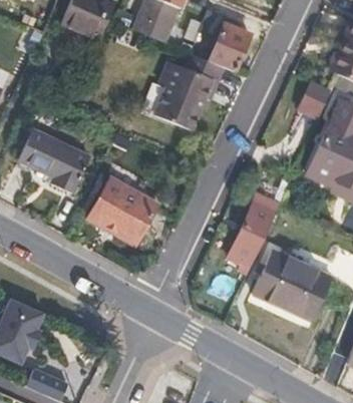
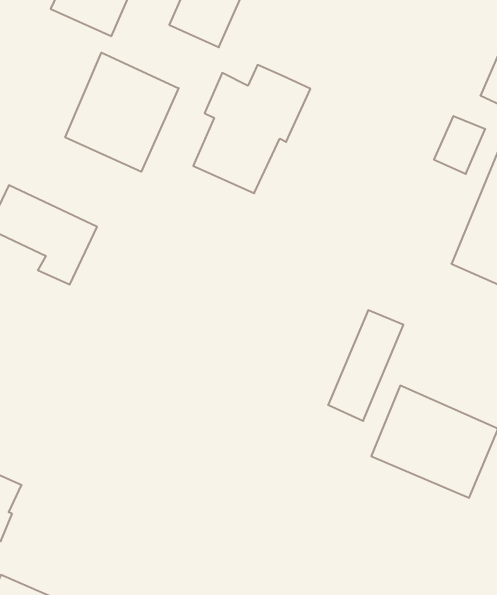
building: [207,18,249,70] -> none
building: none -> [65,53,179,172]
building: [89,174,159,241] -> none

